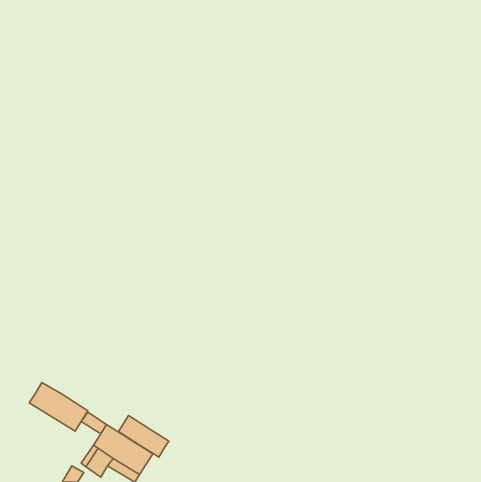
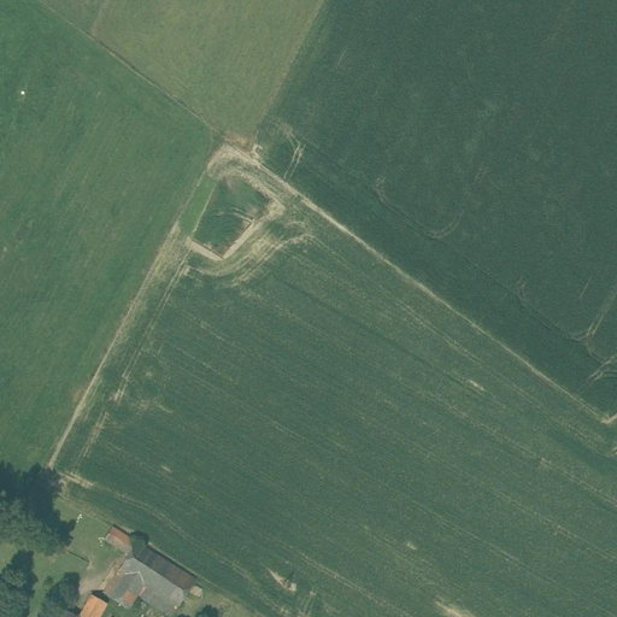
building: [29,382,88,431] -> none
building: [119,416,169,457] -> none

